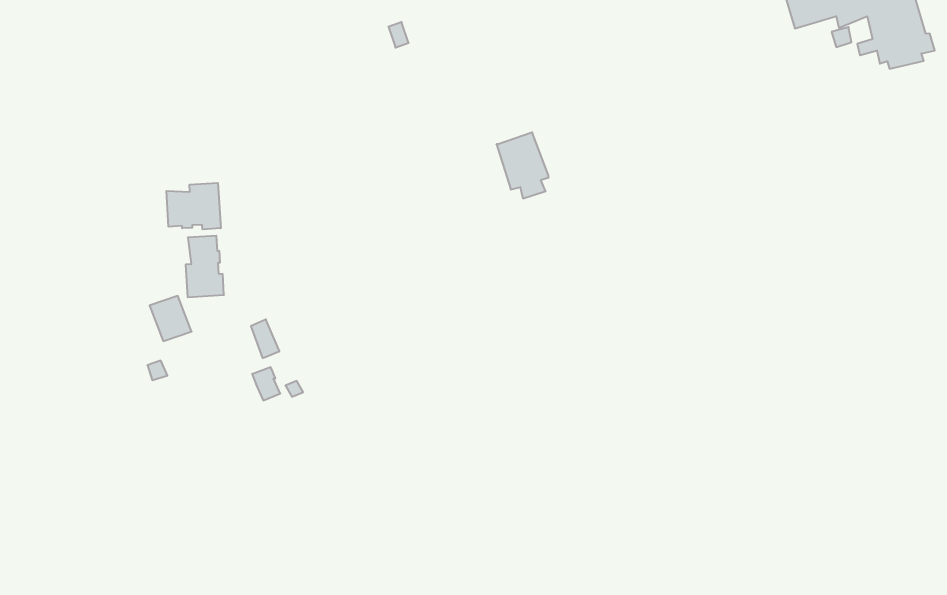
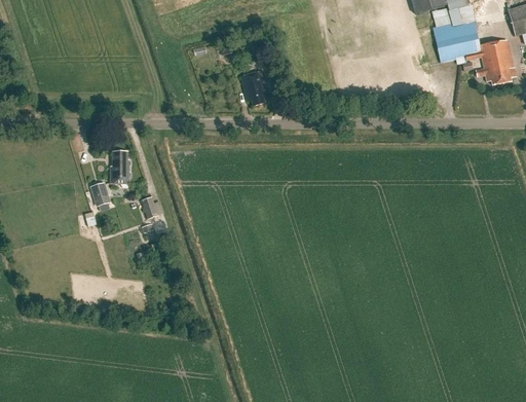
building: [496,132,549,198] -> [240,70,267,105]
building: [166,183,221,229] -> none

